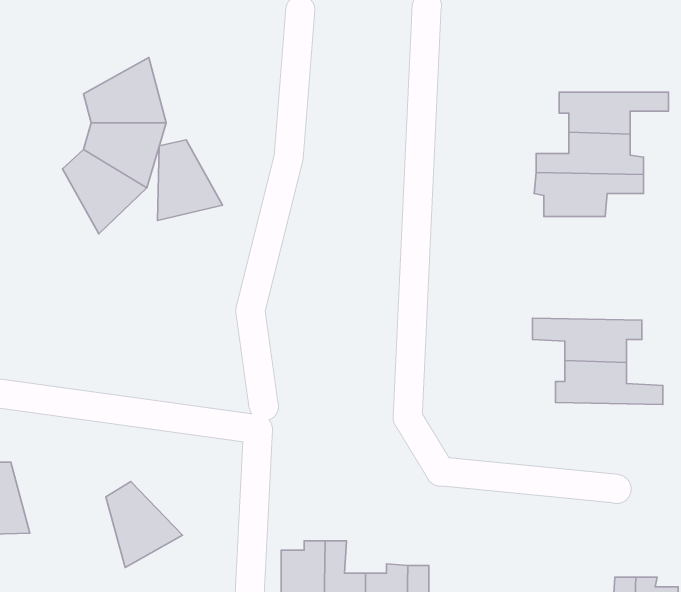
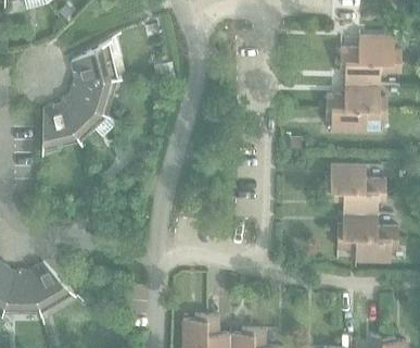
building: none -> [340,38,402,62]
building: [157,140,223,220] -> [42,105,79,151]
building: none -> [324,166,386,191]
building: none -> [336,238,398,263]
building: [106,481,183,568] -> [29,263,73,312]

